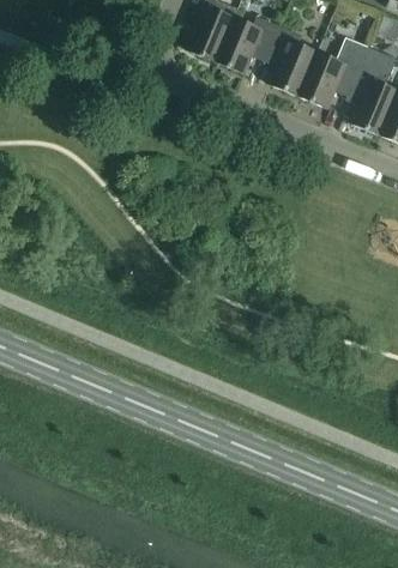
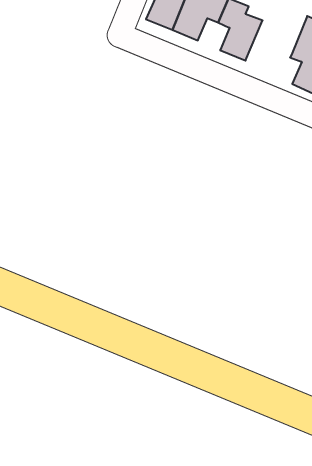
building: [300,37,369,108] -> none

